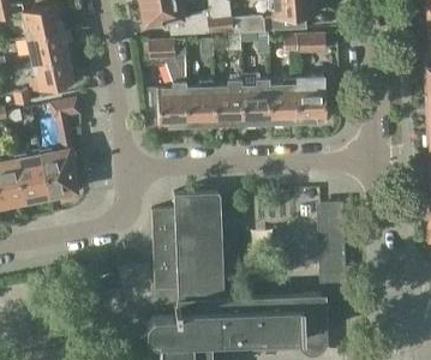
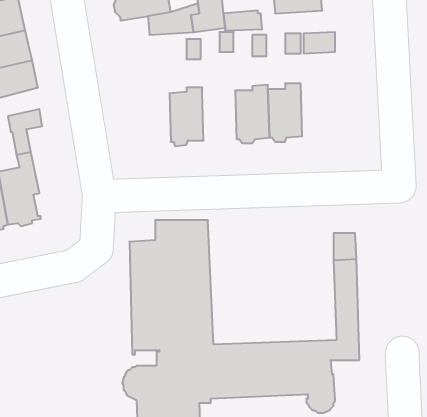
building: [148,40,187,131] -> none
building: [214,74,243,130] -> none
building: [297,77,327,126] -> none

